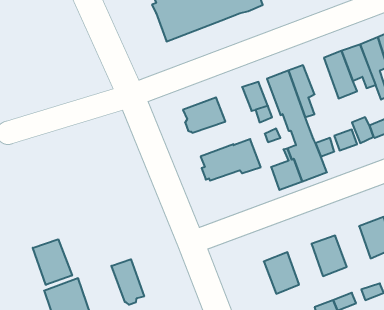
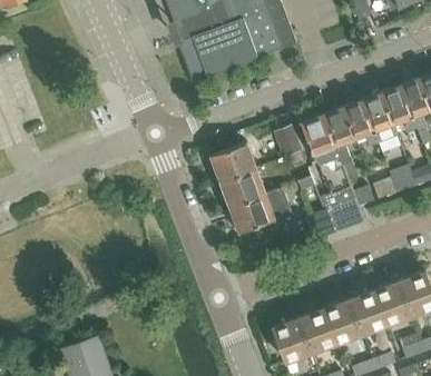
building: none -> [340,100,378,147]
building: none -> [221,168,265,206]
building: none -> [374,280,412,324]
building: [33,239,72,285] -> none
building: none -> [323,299,361,343]
building: [111,259,144,305] -> none
building: none -> [272,318,311,362]

